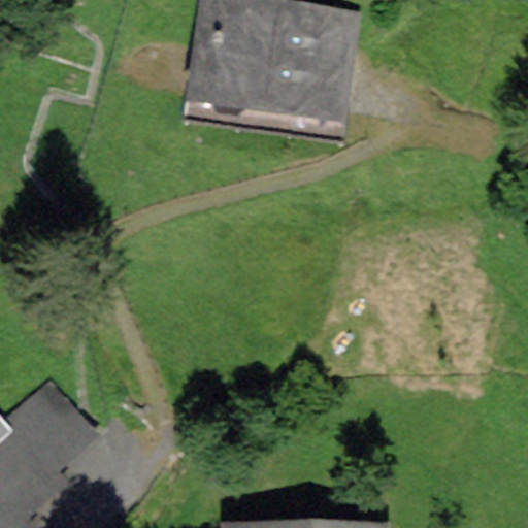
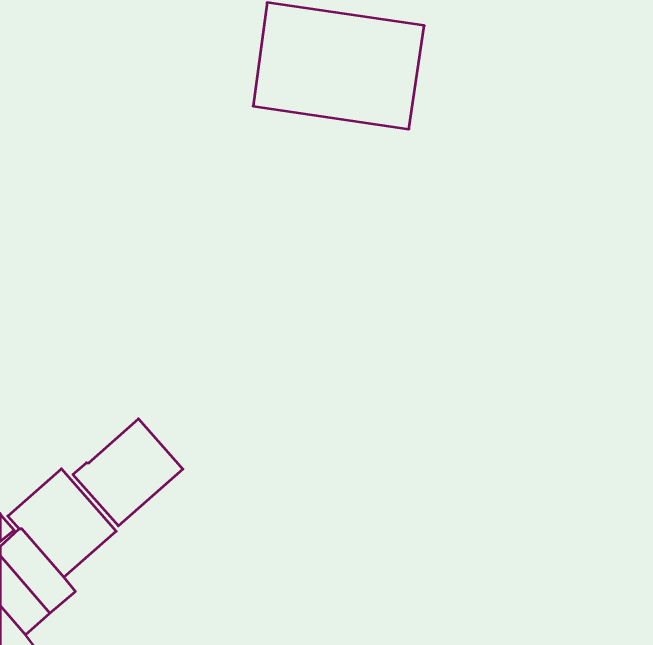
building: none -> [73,419,183,526]

